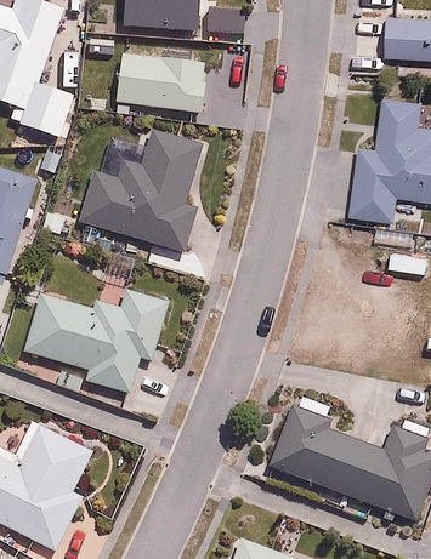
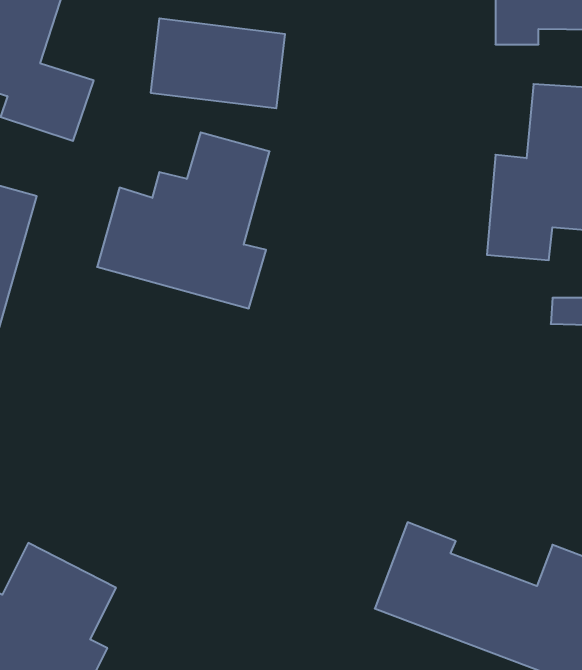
building: [25,289,172,397] -> none

